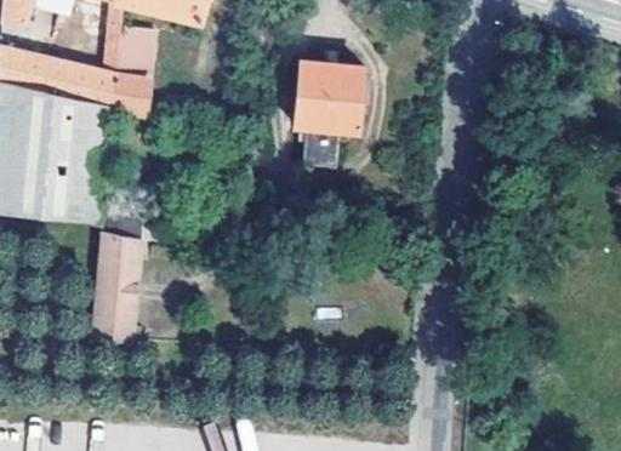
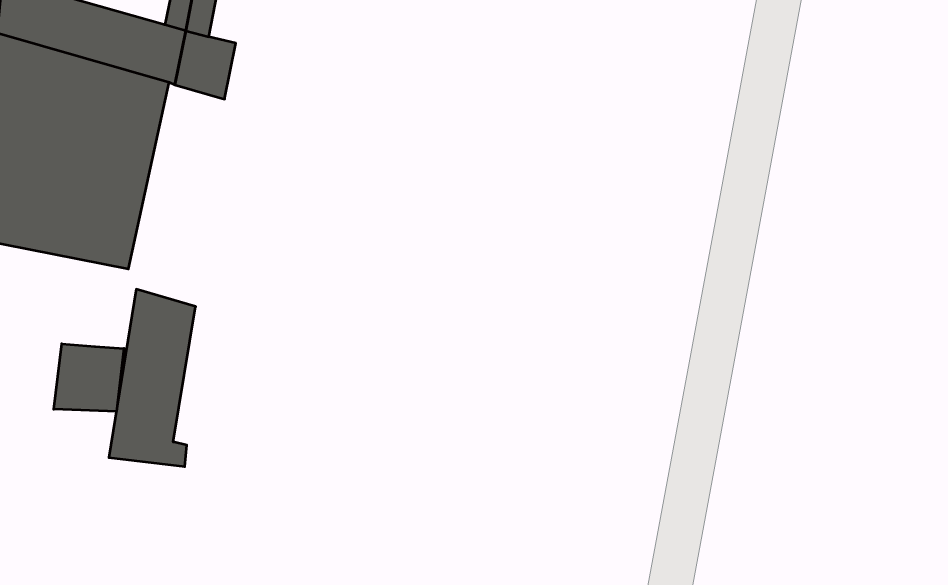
building: [292,61,363,165] -> none
building: none -> [54,344,124,412]

